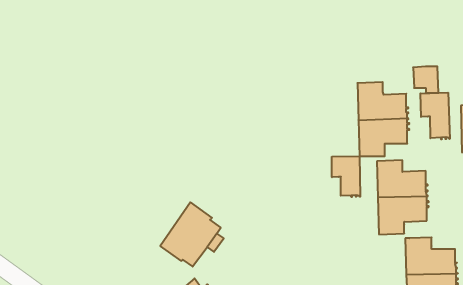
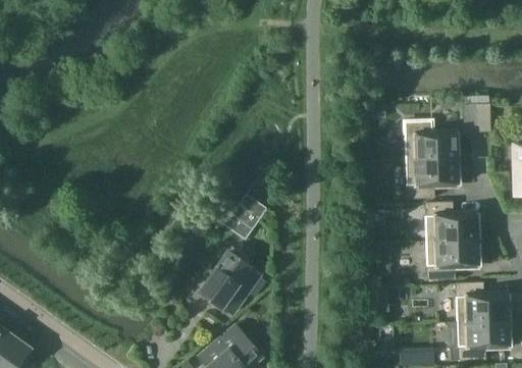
building: [420,93,450,139] -> none
building: none -> [223,195,266,241]
building: [332,156,360,197] -> none

